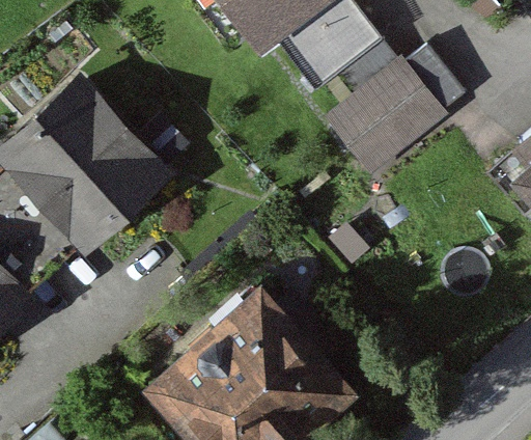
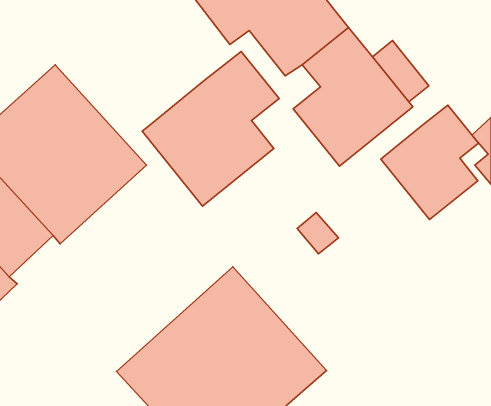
building: none -> [142,51,279,206]
building: none -> [381,105,479,220]

